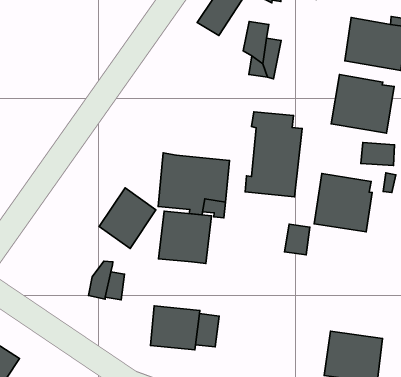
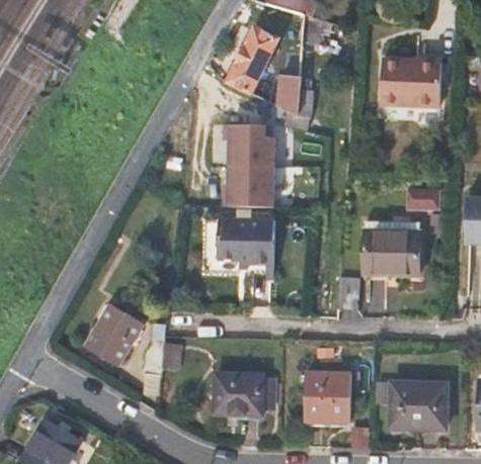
building: [331,75,394,133] -> none
building: [245,112,302,197] -> [225,123,276,205]
building: [99,188,156,248] -> [87,304,143,365]
building: [159,211,212,263] -> none
building: none -> [303,376,350,425]

